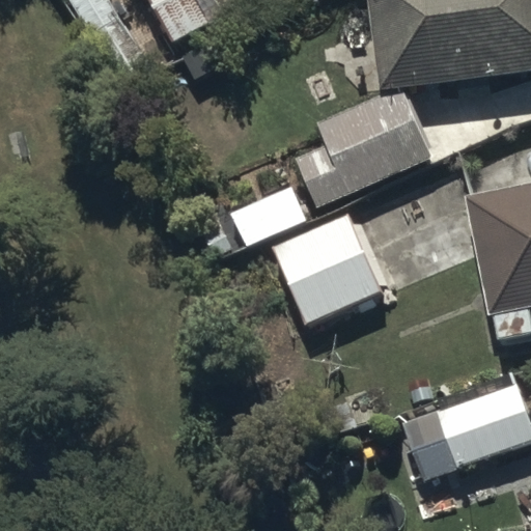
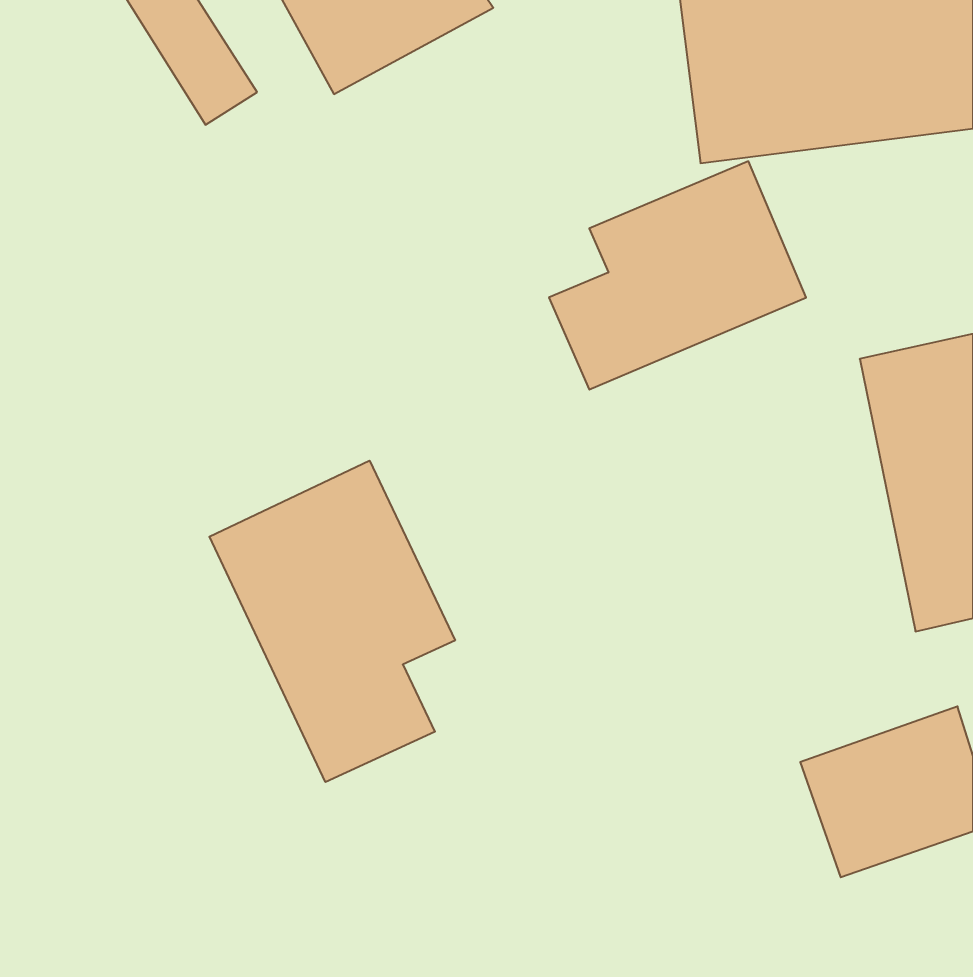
building: [271,211,391,325] -> none
building: none -> [209,461,455,782]

